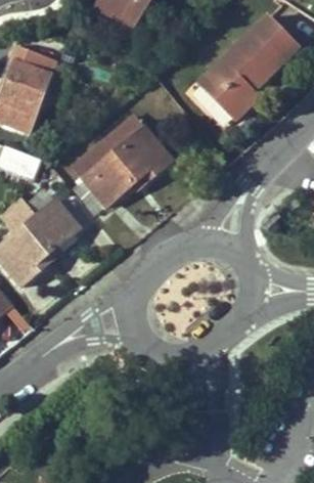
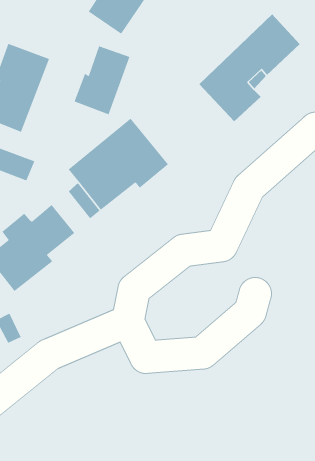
building: none -> [74,46,130,115]

